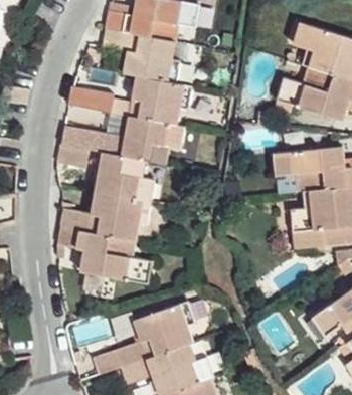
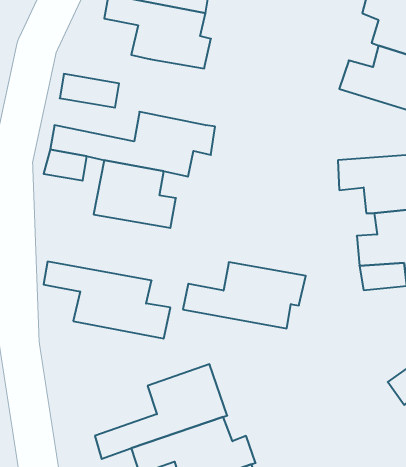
building: [128,76,192,126] -> none
building: [59,192,151,241] -> [183,262,306,328]

